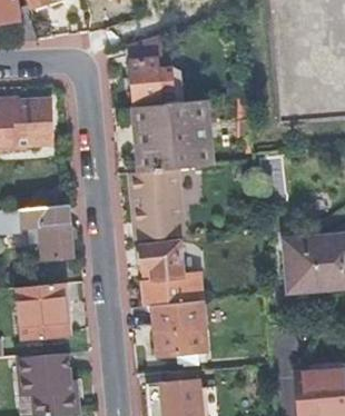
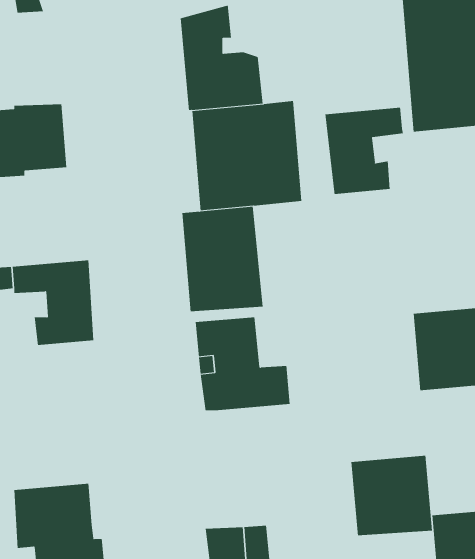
building: none -> [325,107,404,195]
building: [17,283,66,339] -> none
building: [152,300,207,354] -> [351,455,433,536]

